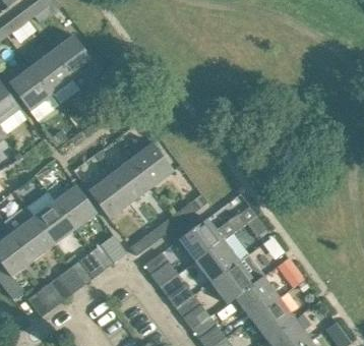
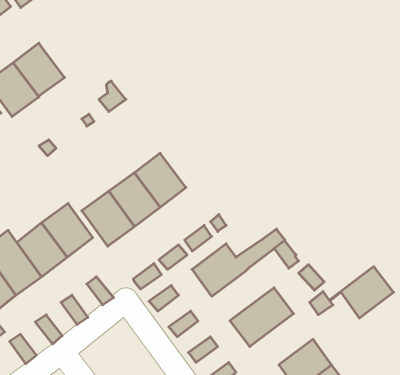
building: [52,35,101,88] -> none
building: [195,240,239,282] -> none
building: [227,276,280,319] -> [330,267,394,318]

